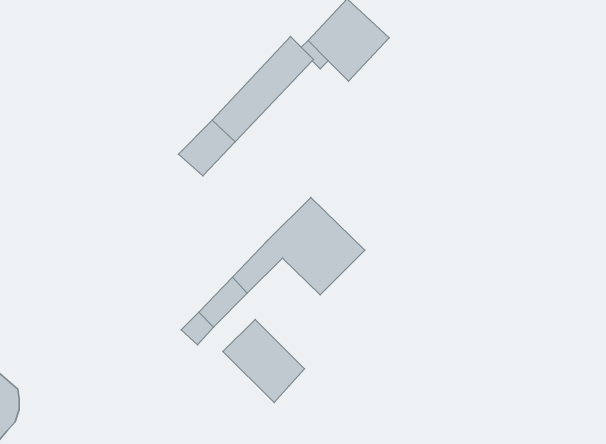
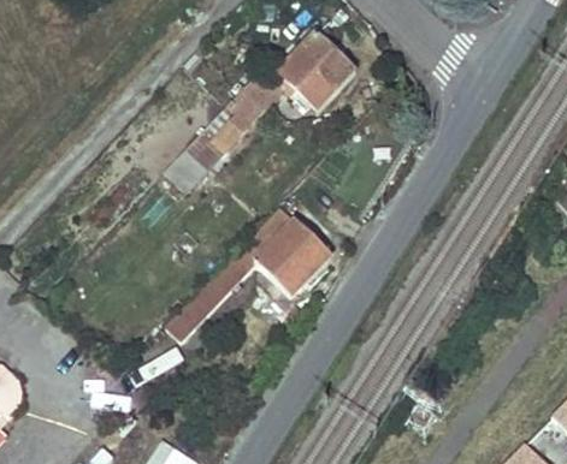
building: [223,319,305,403] -> none

